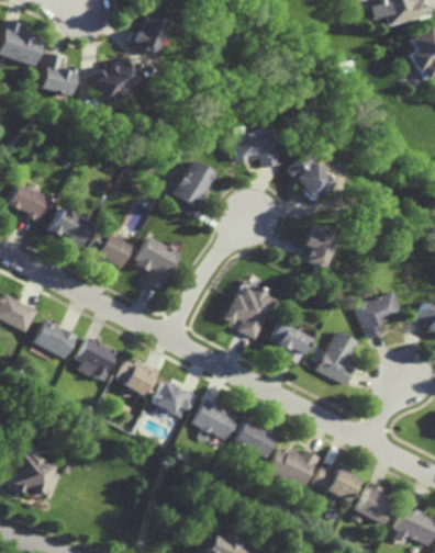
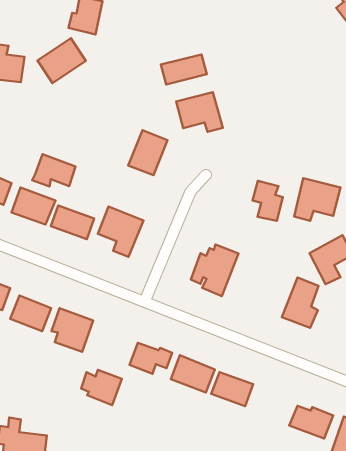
building: none -> [161,54,207,84]
building: [285,151,333,202] -> none
building: none -> [32,154,76,186]
building: none -> [294,178,341,221]
building: [270,320,314,363] -> none
building: [120,359,164,397] -> [81,370,122,405]
building: [270,447,324,490] -> none

